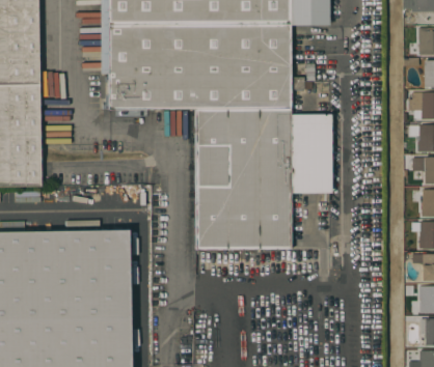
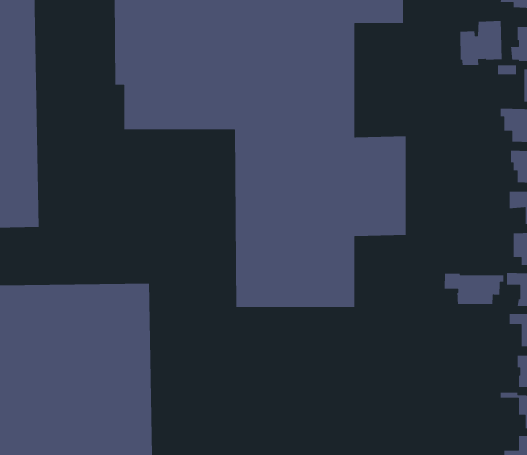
building: none -> [460,20,502,66]
building: none -> [444,273,504,305]

